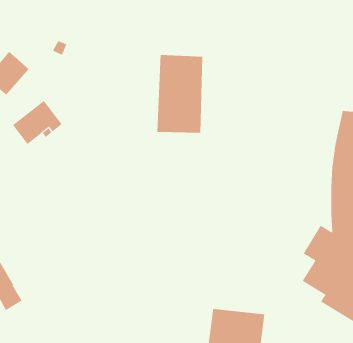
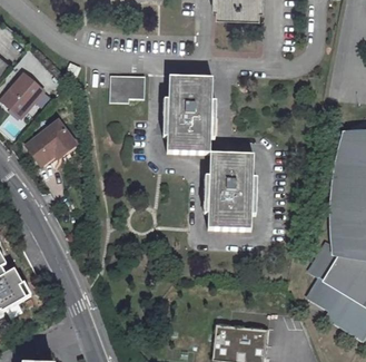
building: none -> [110,74,145,101]
building: none -> [208,153,255,231]

